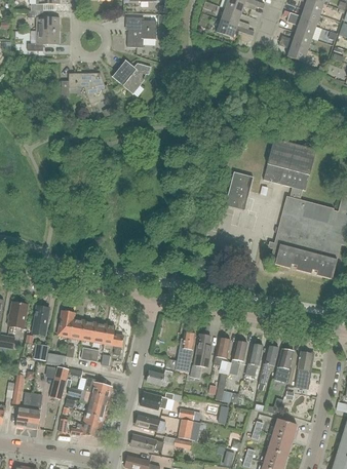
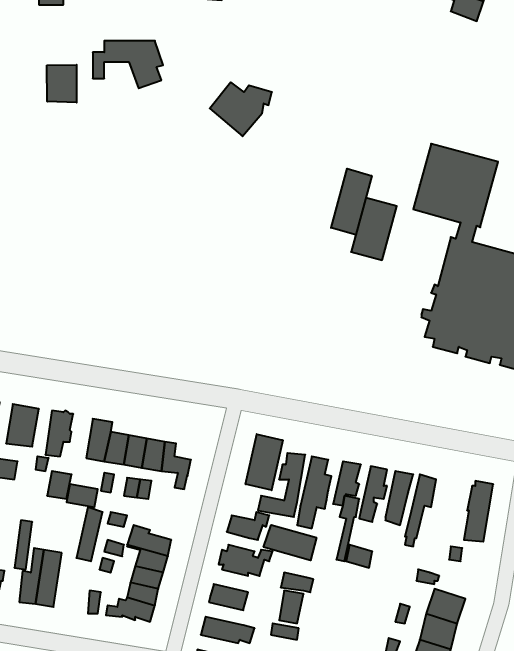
building: [112,60,151,93] -> [210,82,272,136]
building: none -> [47,65,77,103]
building: none -> [331,169,372,235]
building: none -> [246,434,283,490]
building: [273,348,294,383] -> none
building: none -> [264,525,316,560]

